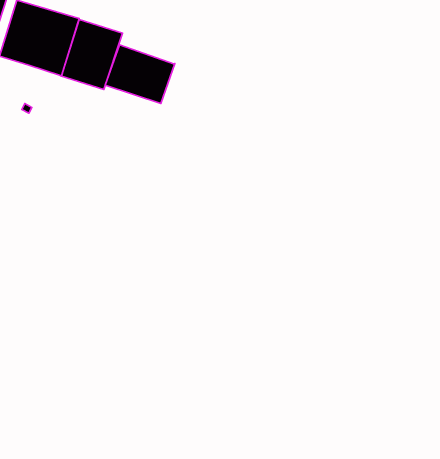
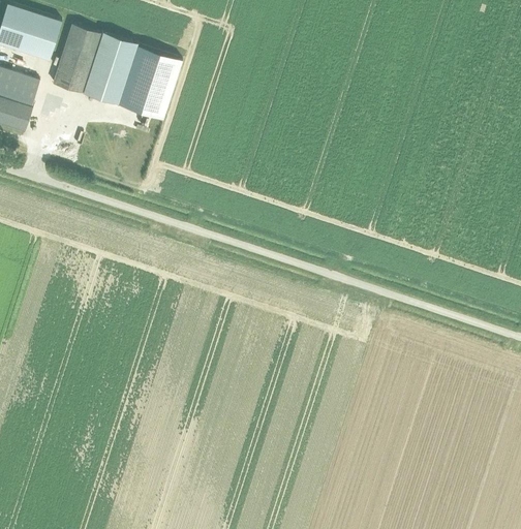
building: [105,45,175,104] -> none

